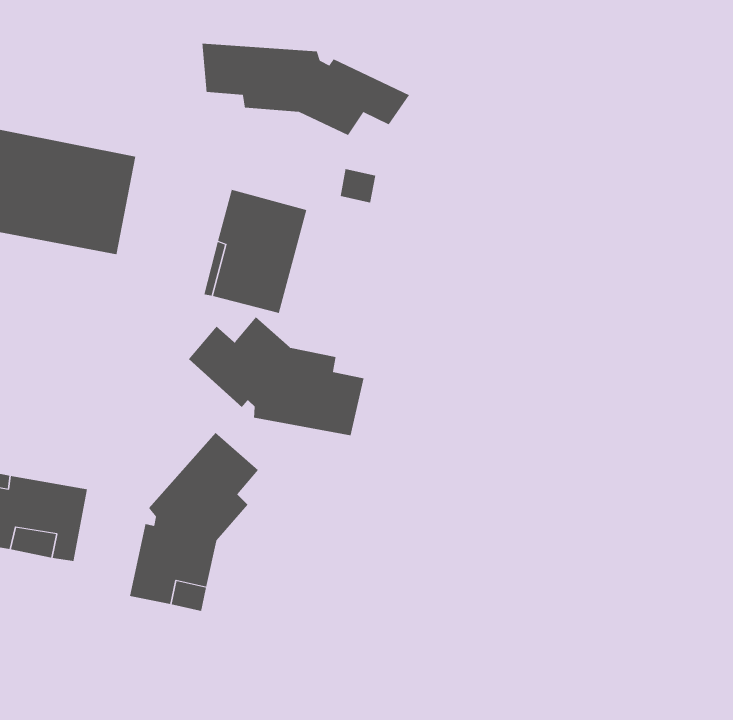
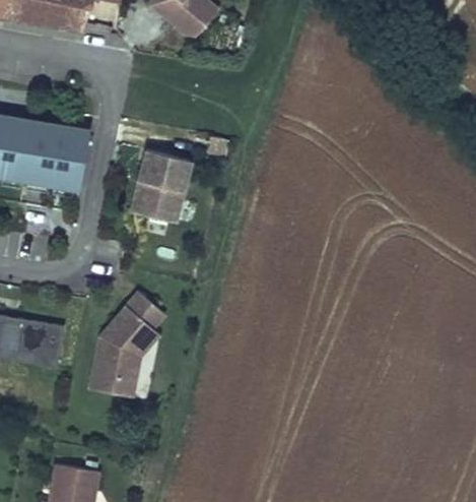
building: [202,43,410,136] -> none
building: [188,316,364,436] -> none

